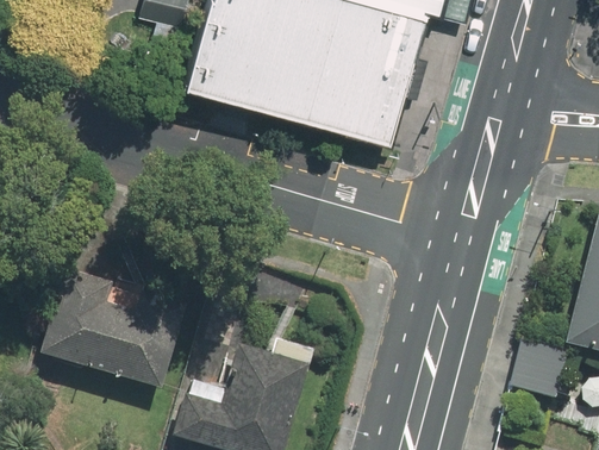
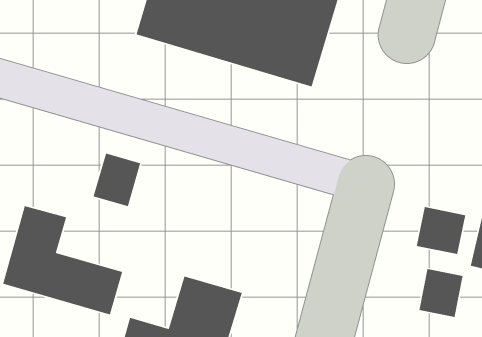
building: none -> [93,152,141,207]
building: none -> [416,206,466,255]

